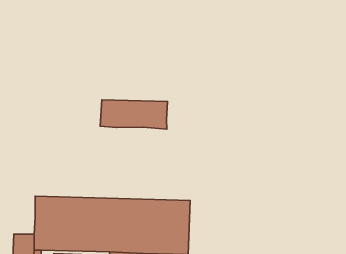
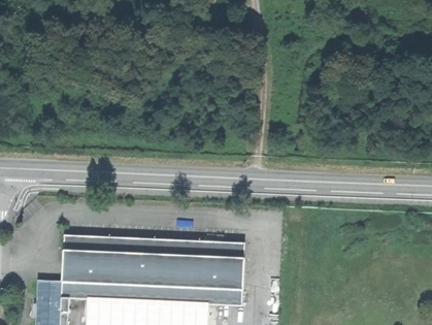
building: [100,100,167,129] -> none

